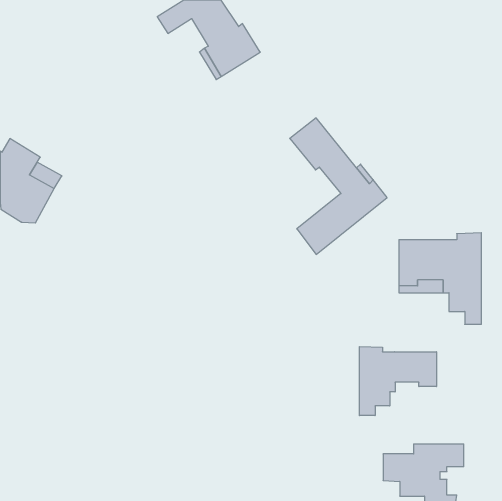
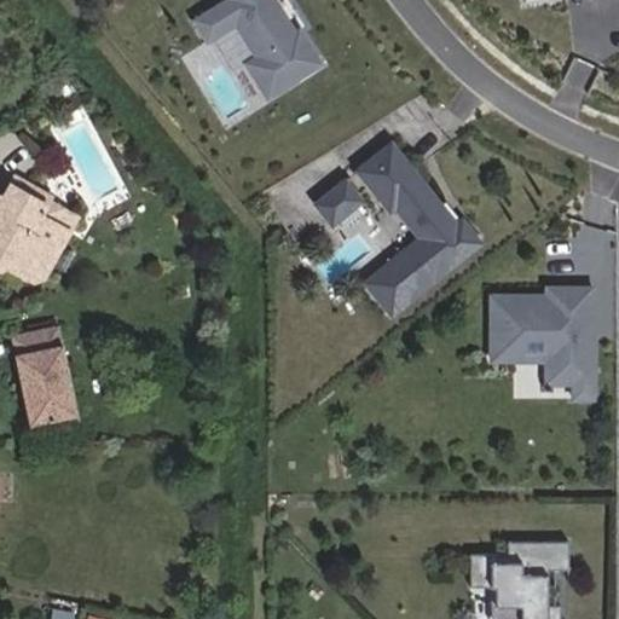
building: none -> [313,175,365,225]
building: none -> [13,317,74,415]
building: [359,347,436,416] -> none

